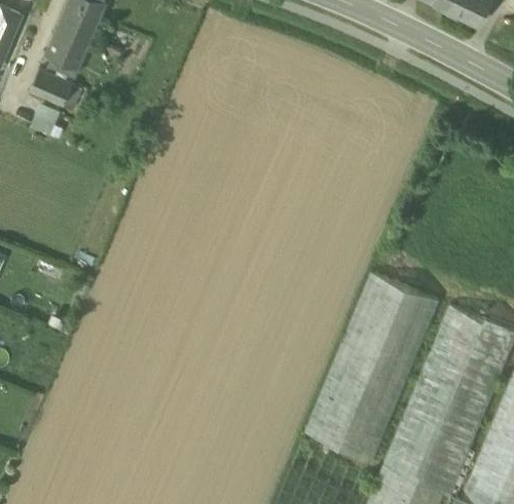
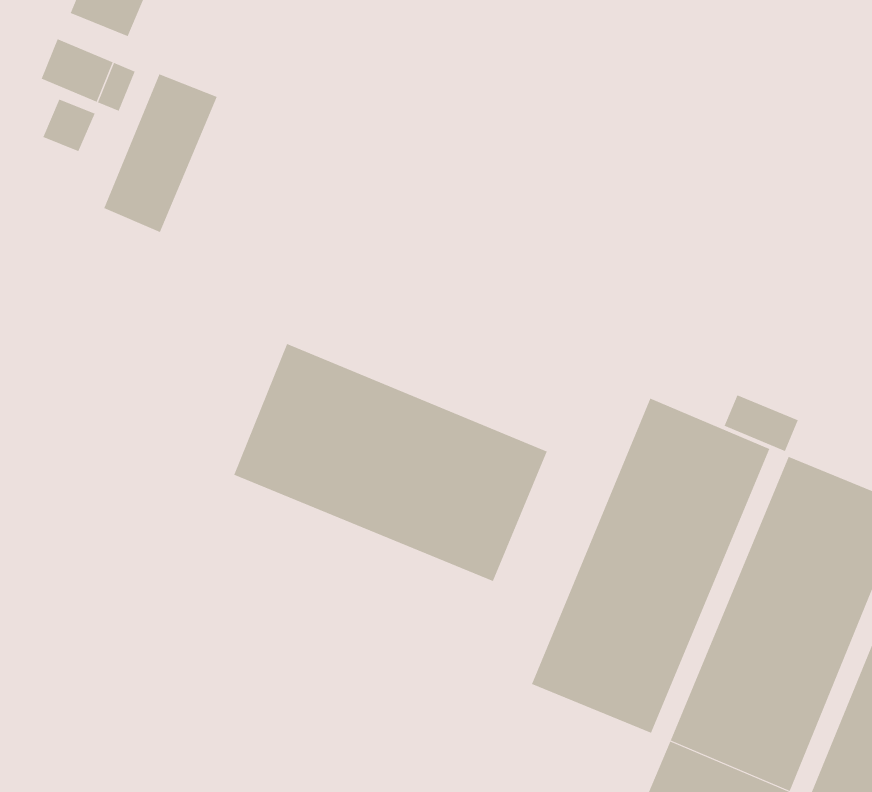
building: none -> [103,74,217,233]
building: none -> [233,343,548,582]
building: none -> [724,395,799,452]

